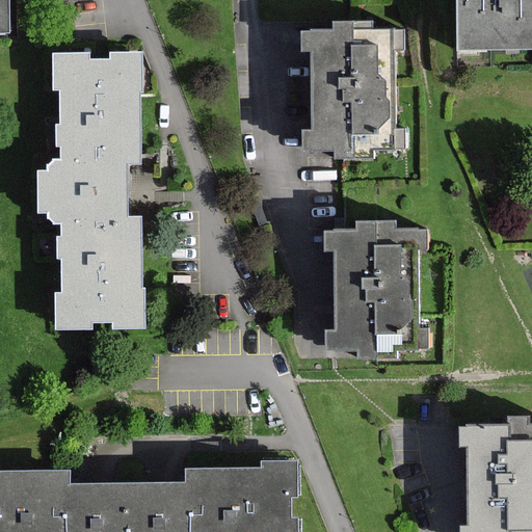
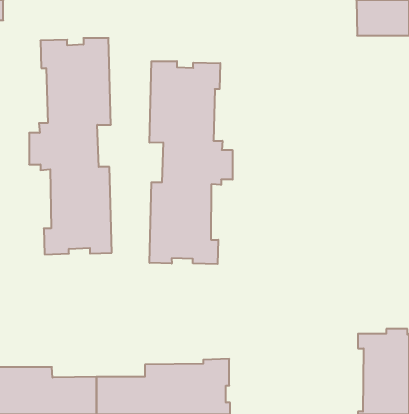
building: [300,21,406,155] -> none
building: none -> [150,61,233,264]
building: [325,222,421,354] -> none

